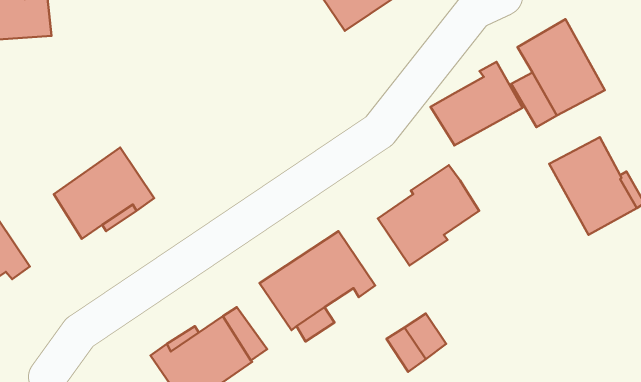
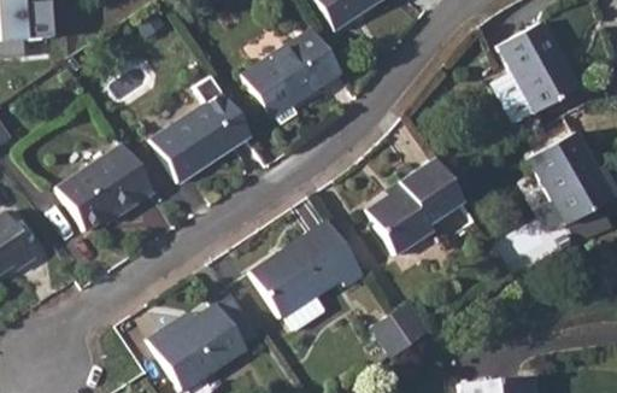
building: none -> [242,29,340,119]
building: [430,62,522,146] -> none
building: none -> [149,76,248,182]

